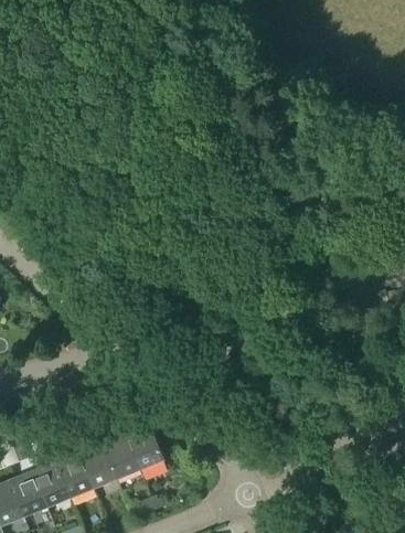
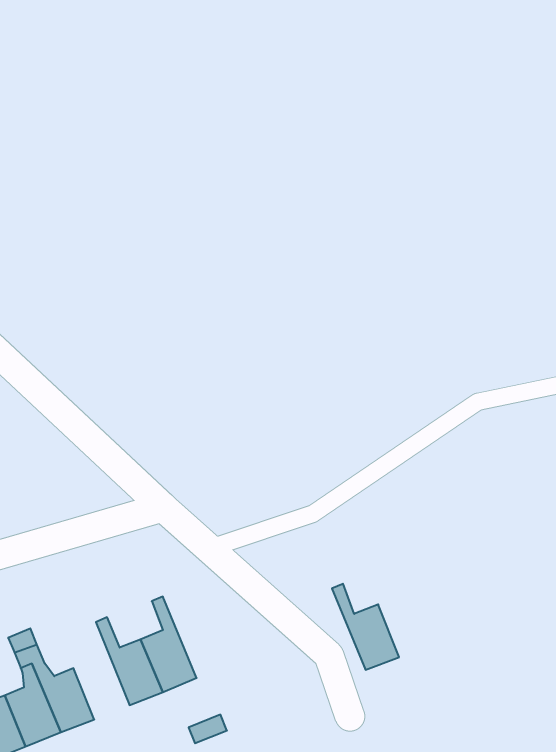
building: [117,412,163,471] -> [332,584,399,670]
building: [55,433,94,500] -> none

